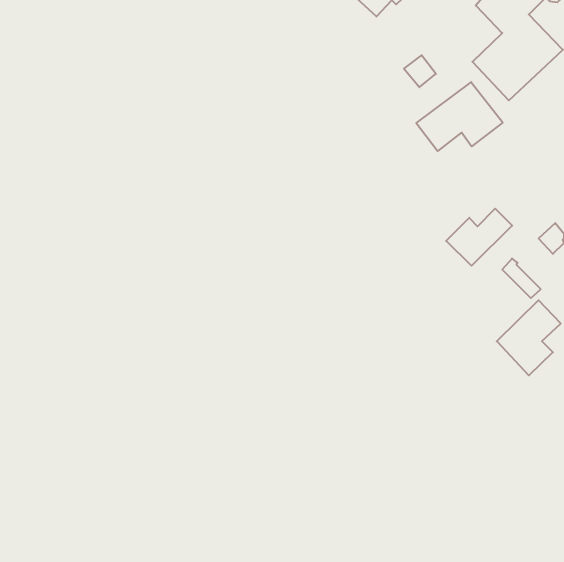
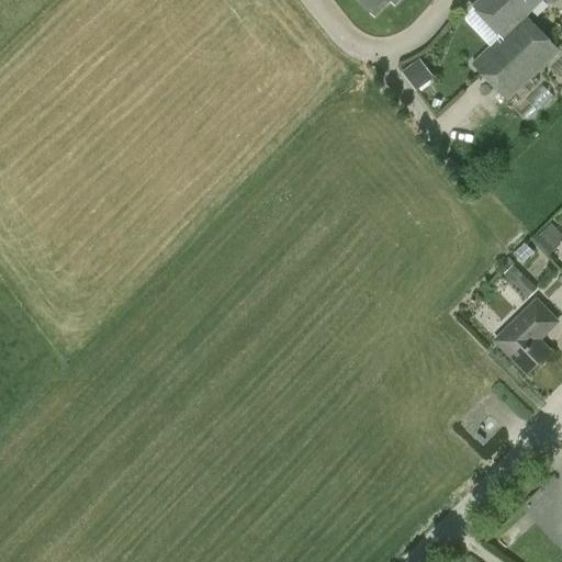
building: [416,82,503,151] -> none
building: [446,209,512,266] -> none

